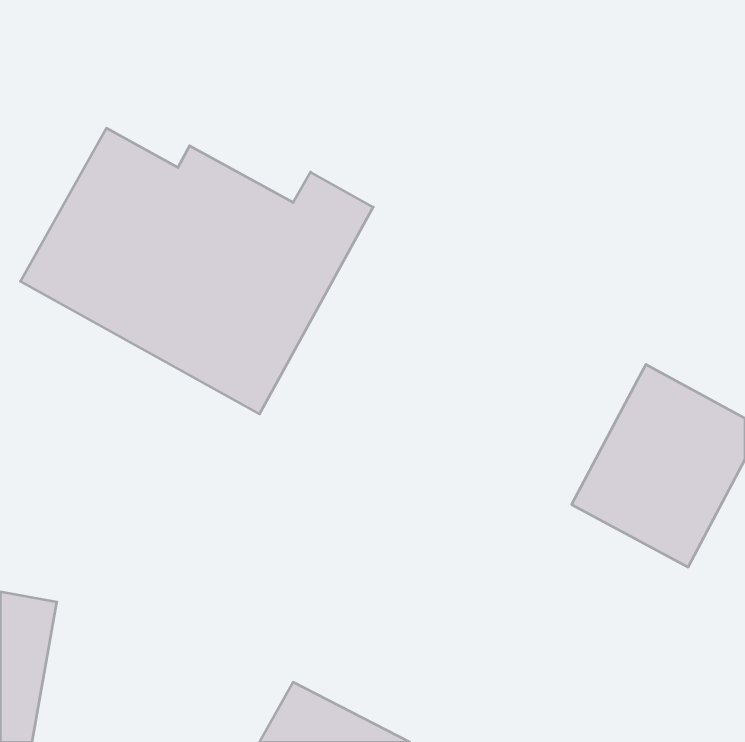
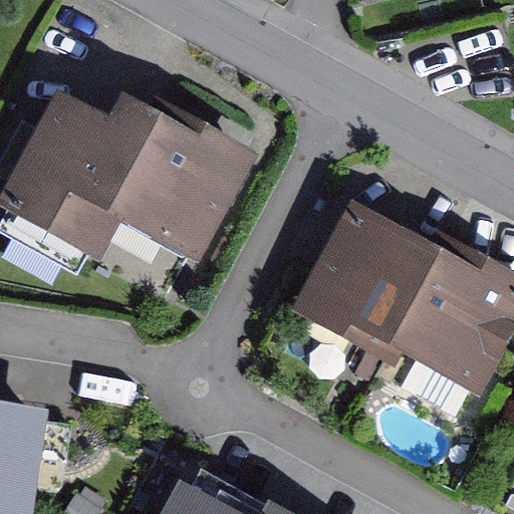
building: none -> [302,216,439,356]

